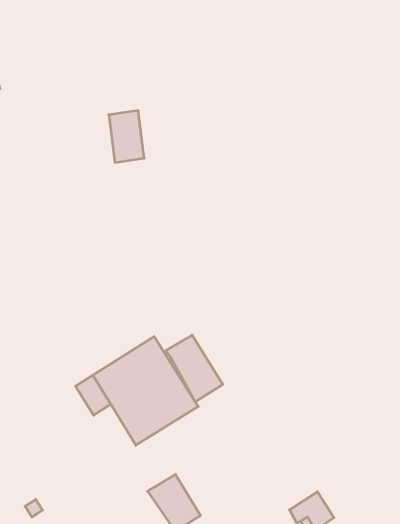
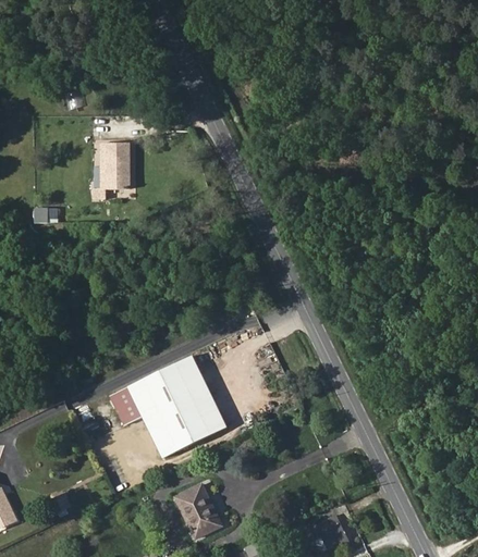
building: [109,111,144,162] -> [97,144,126,190]
building: [166,335,223,402] -> none

